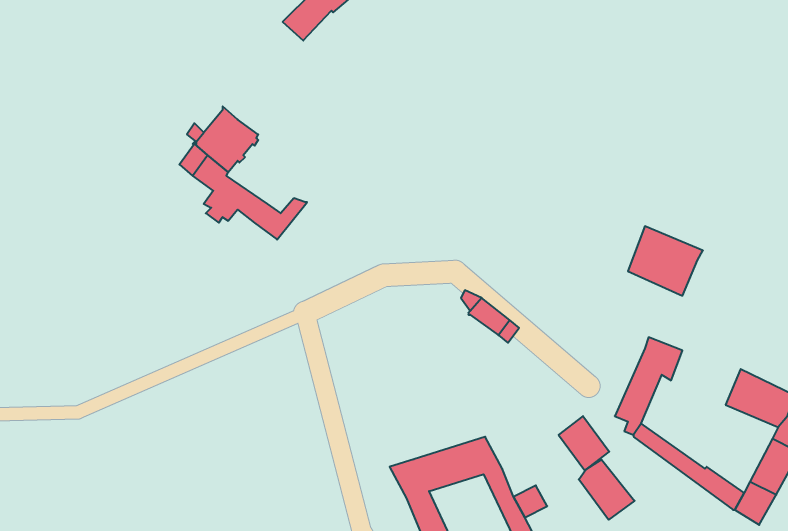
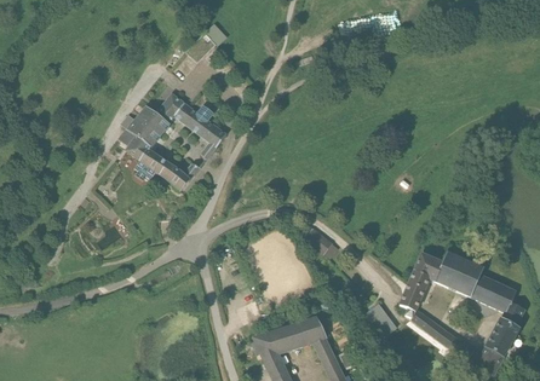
building: none -> [155,92,225,161]
building: [628,226,703,296] -> [435,252,483,296]
building: [579,460,635,520] -> none

